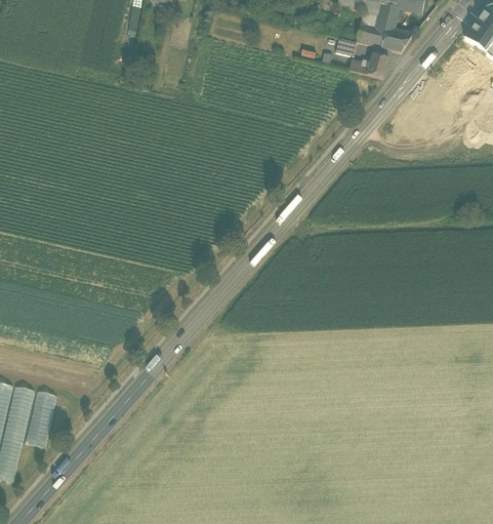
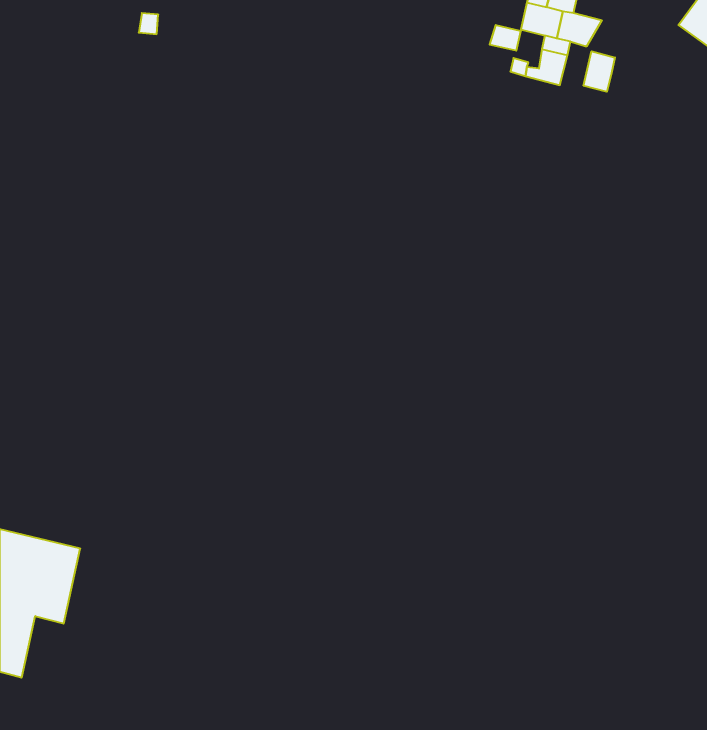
building: none -> [584,51,615,92]

